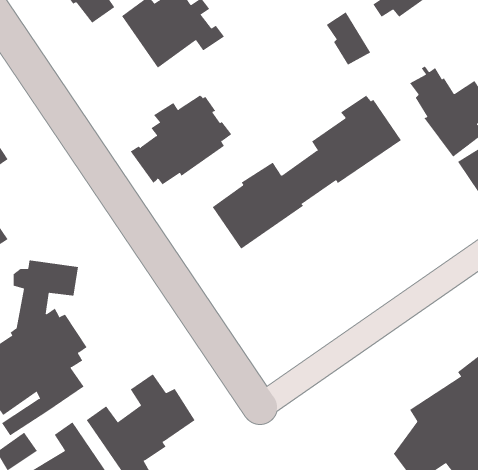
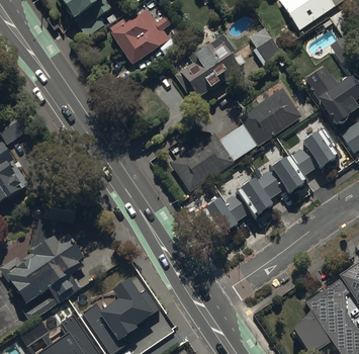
building: [130,95,232,185] -> [175,35,246,98]
building: none -> [205,129,337,234]

